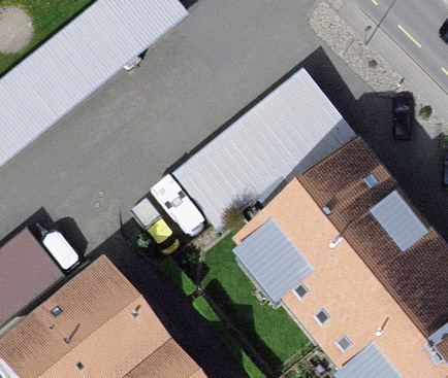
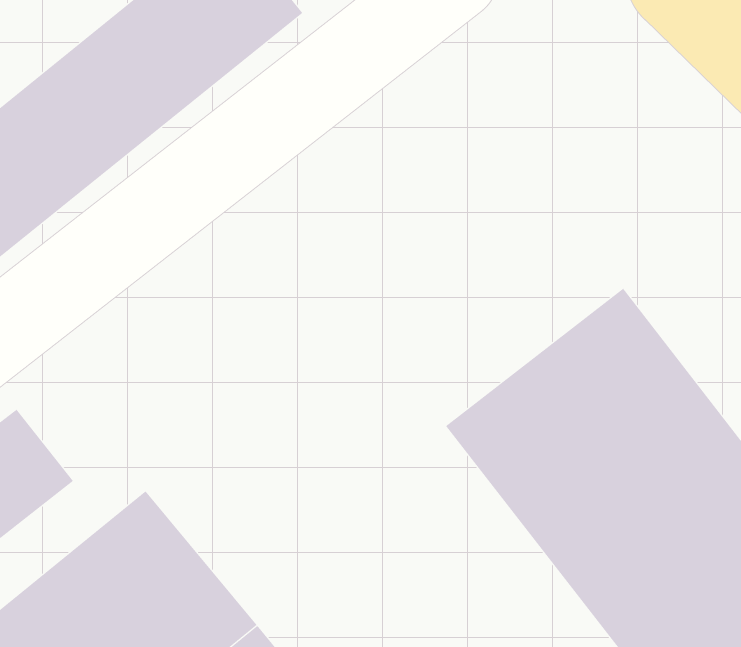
building: [181,77,345,219] -> none

